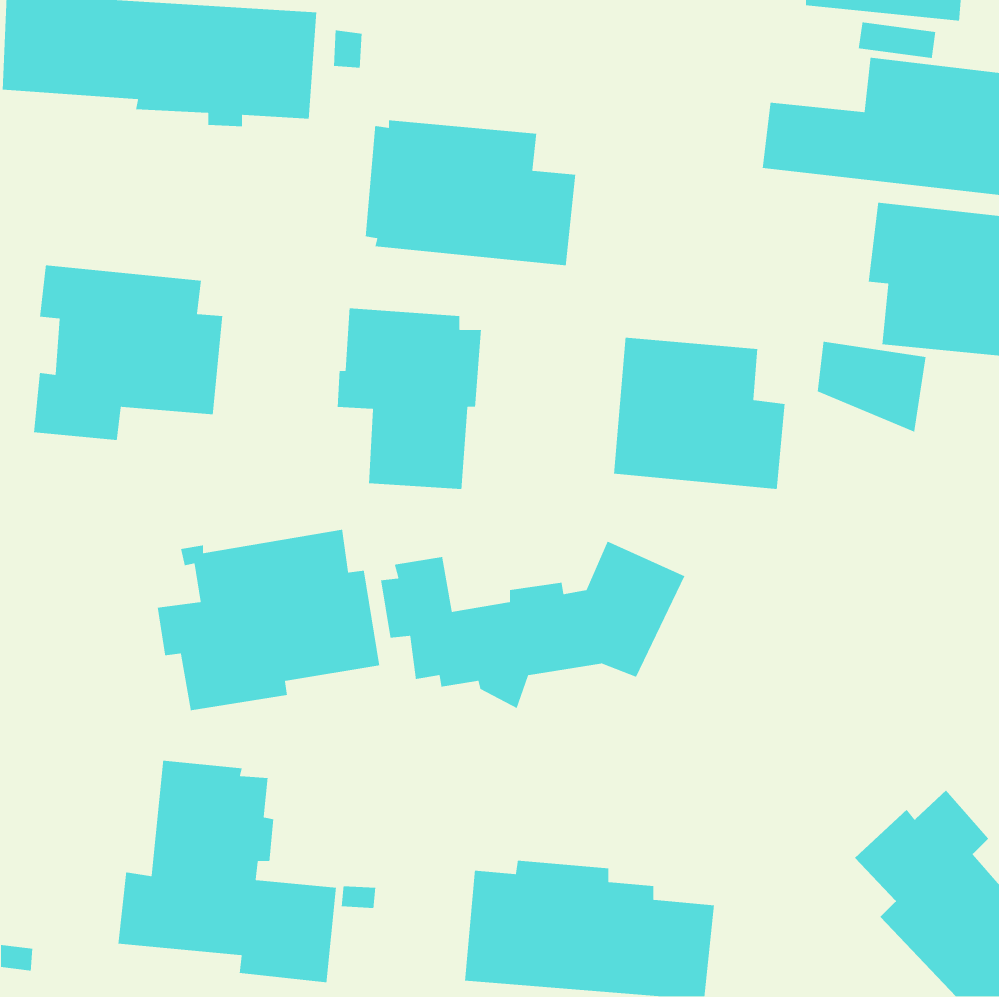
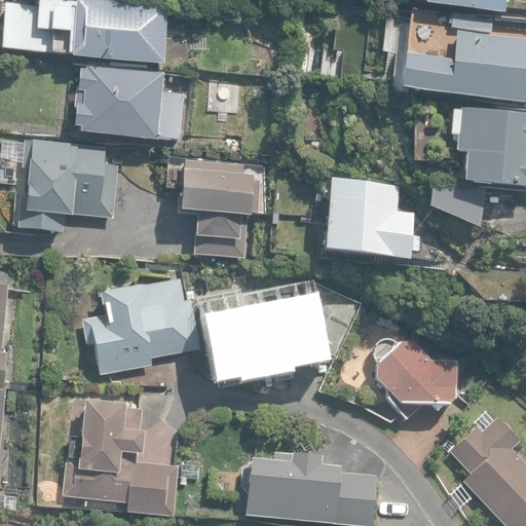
building: [365,119,576,266] -> [75,64,186,141]
building: none -> [376,342,457,419]

